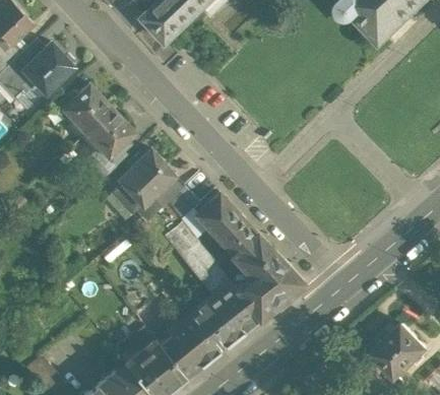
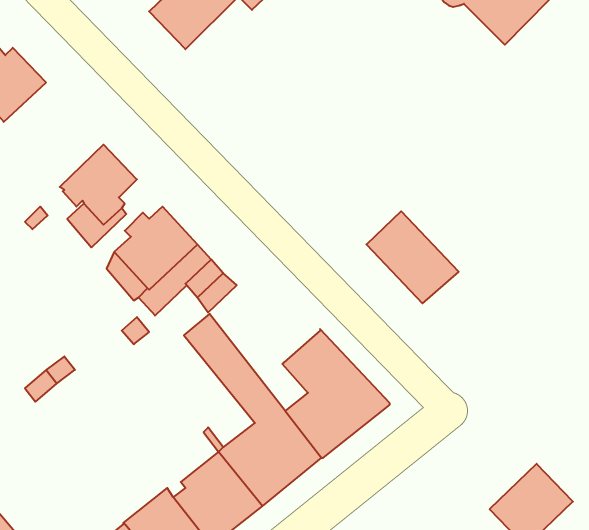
building: [58,85,111,137] -> none
building: [194,193,256,255] -> [366,211,459,303]

